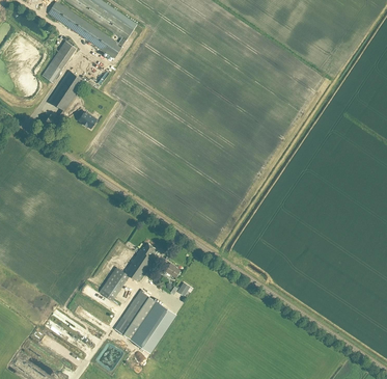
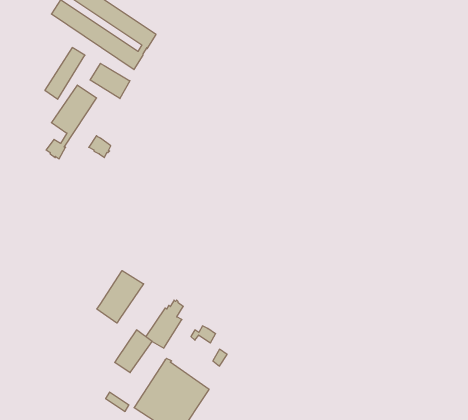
building: none -> [90,63,130,99]
building: none -> [97,271,144,323]

